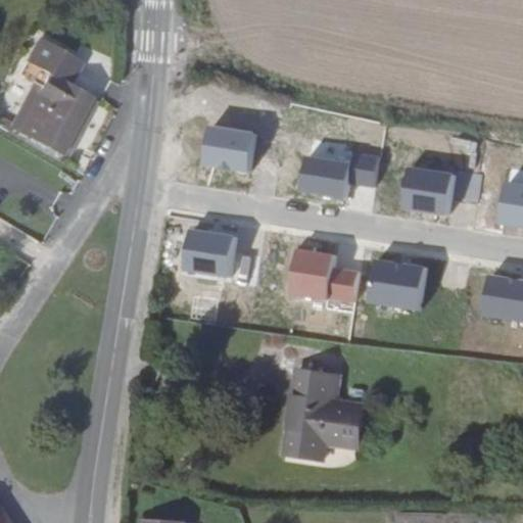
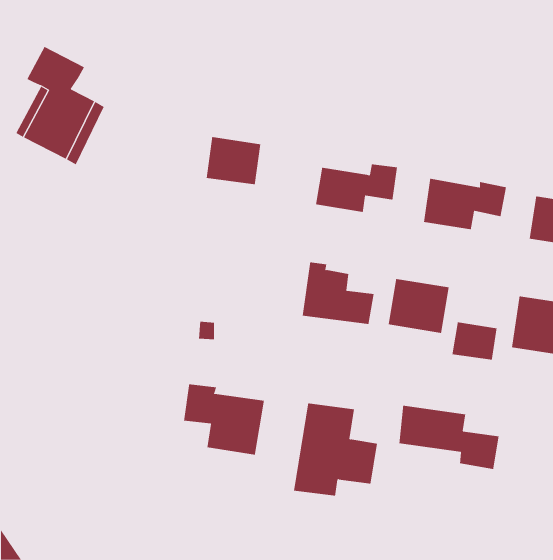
building: [183,231,234,277] -> none
building: none -> [452,321,497,361]
building: none -> [183,384,265,456]
building: none -> [399,405,499,470]

